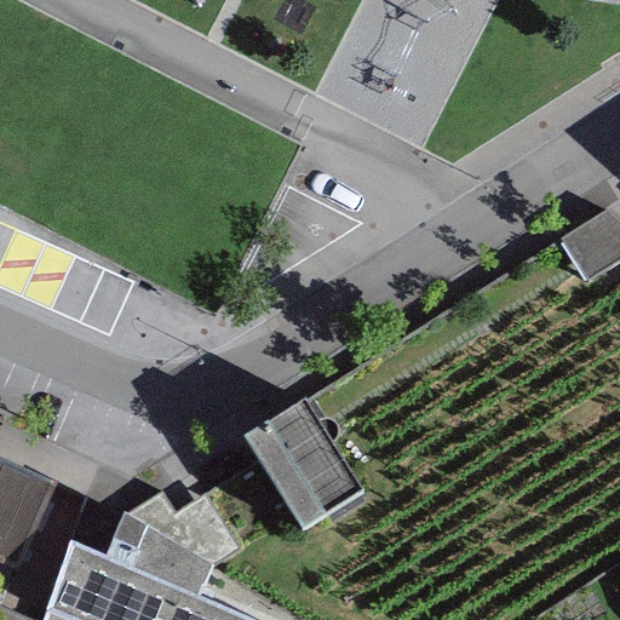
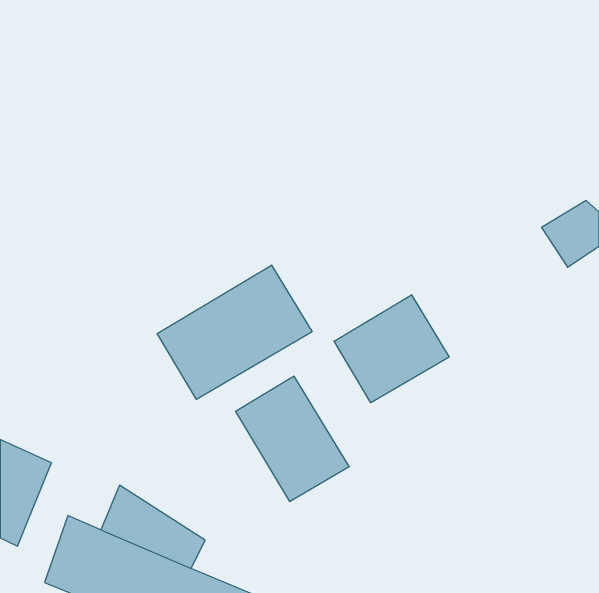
building: none -> [157,265,312,399]
building: none -> [334,295,449,403]

